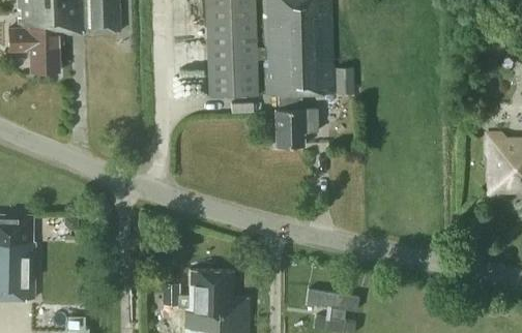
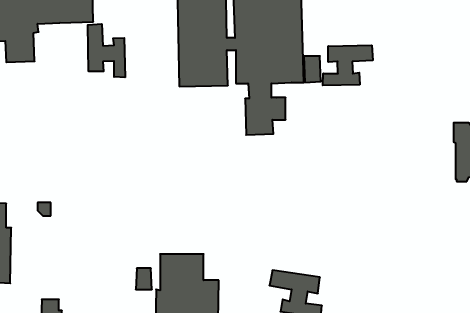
building: none -> [88,24,125,77]
building: none -> [323,45,373,85]

